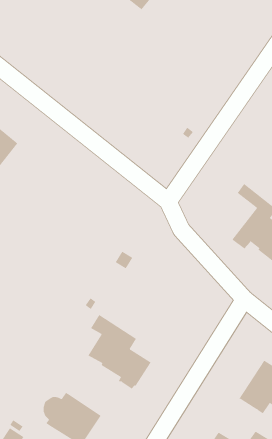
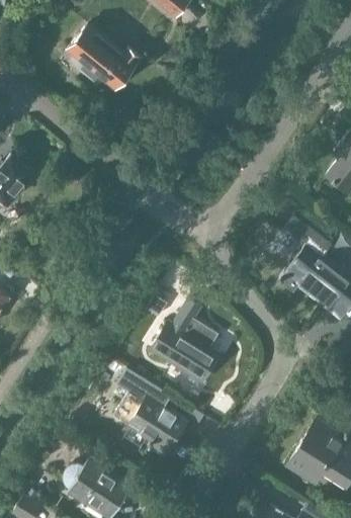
building: none -> [67,24,140,90]
building: none -> [151,300,218,382]

